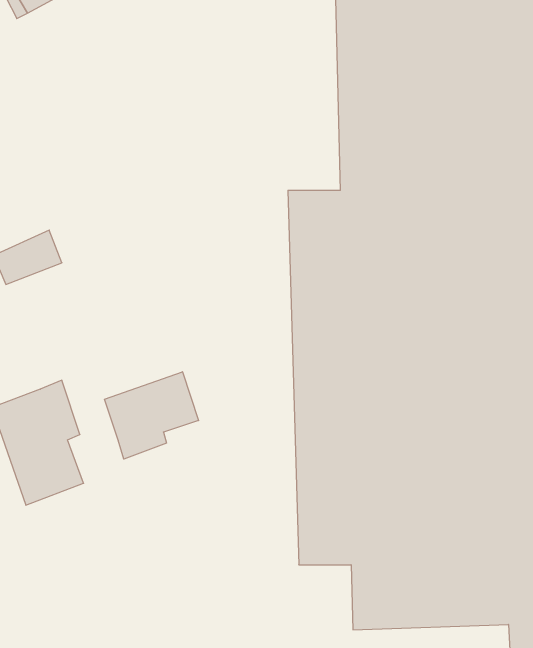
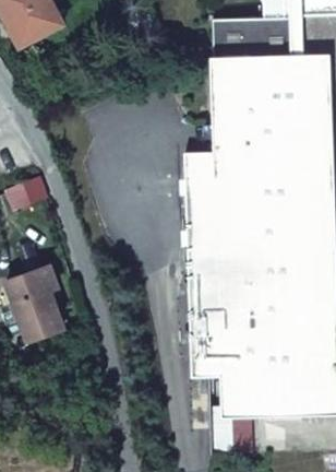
building: [104,372,199,459] -> none

